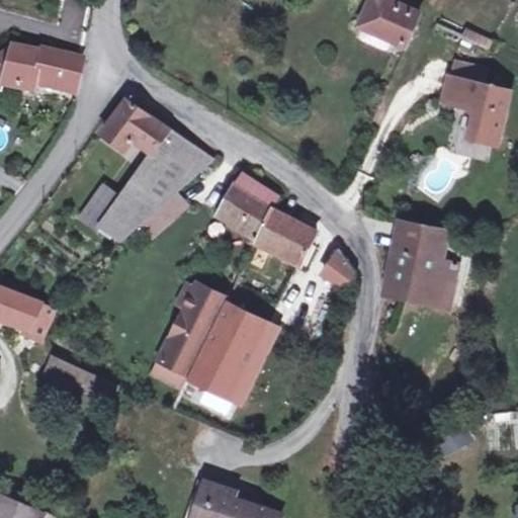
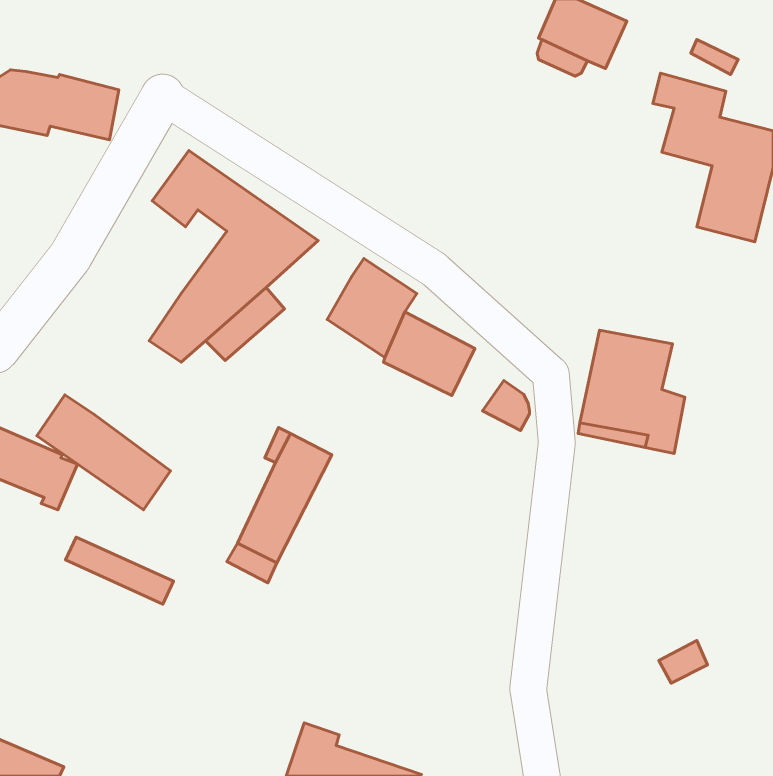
building: [77,182,120,232] -> none
building: none -> [37,395,171,510]
building: [189,304,267,399] -> none

